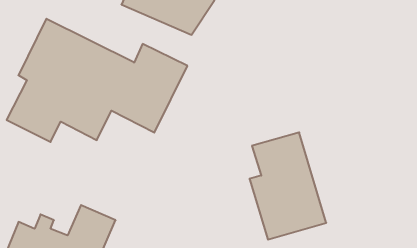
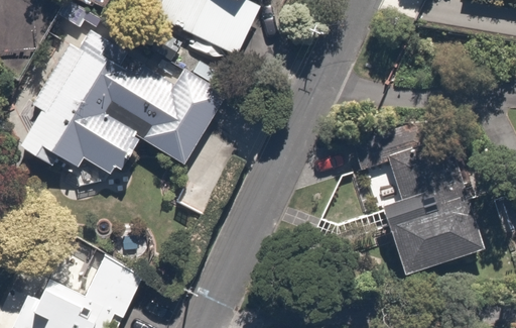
building: [249,132,326,240] -> [384,145,476,274]

